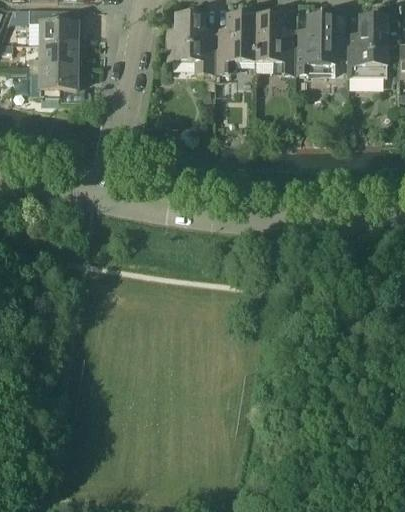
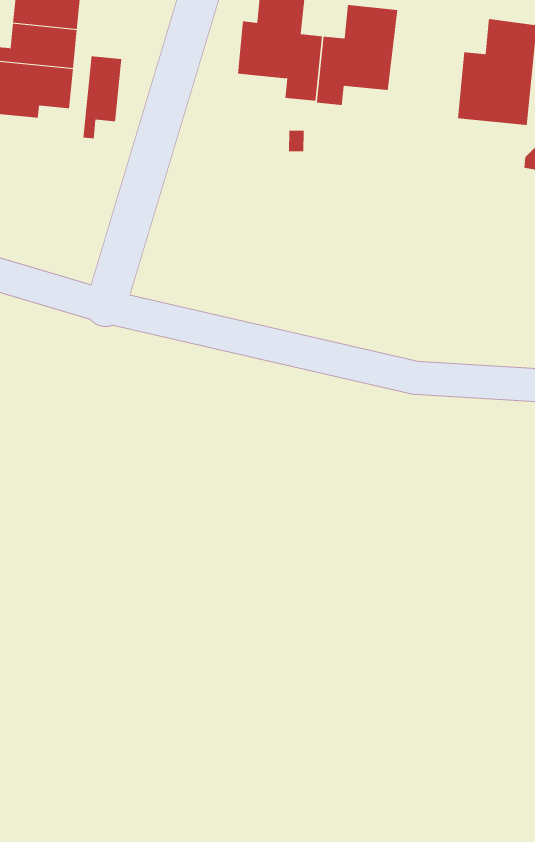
building: [256,13,296,71] -> none
building: none -> [83,55,122,139]

